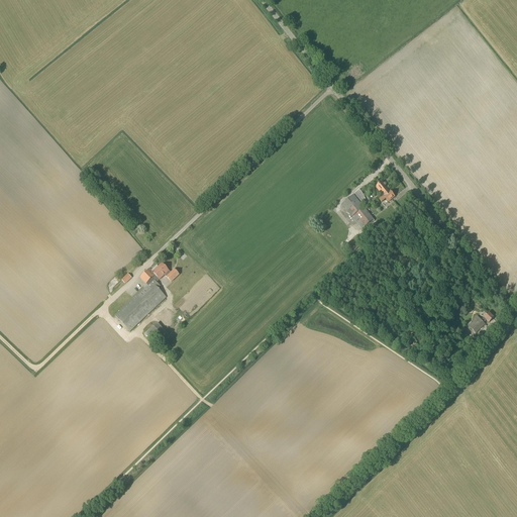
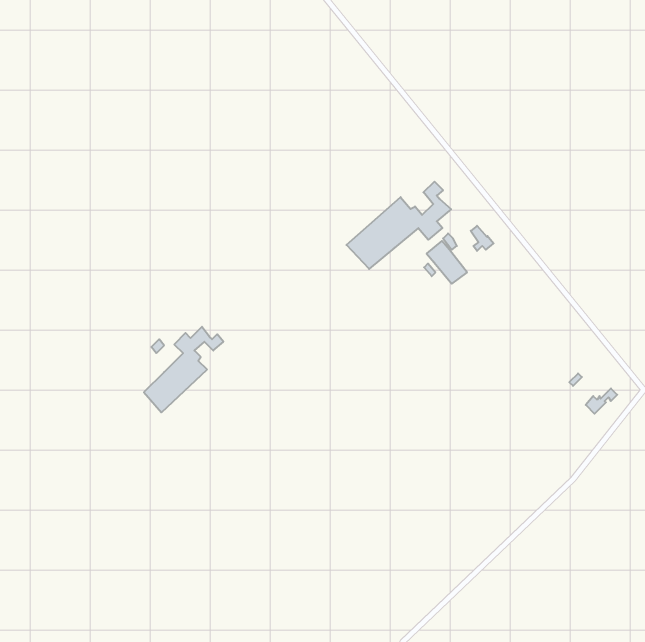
building: none -> [346,182,451,269]

